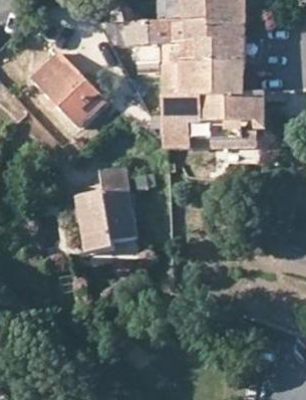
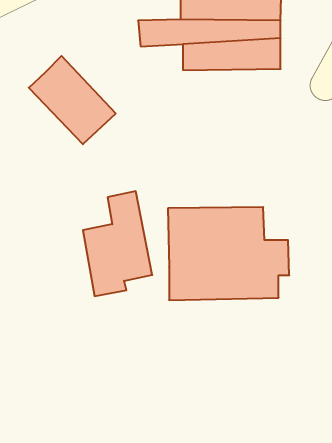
building: [163,63,266,143] -> [168,207,289,300]

